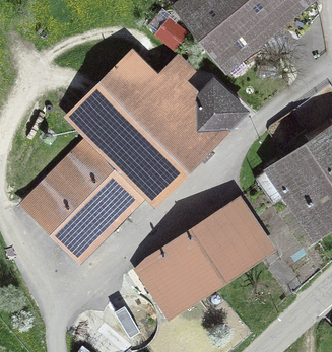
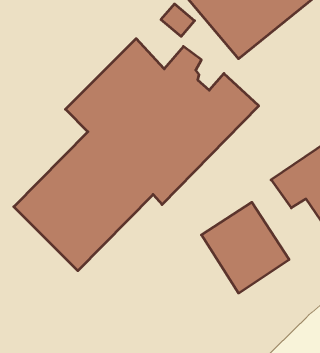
building: [137,227,225,316] -> none

